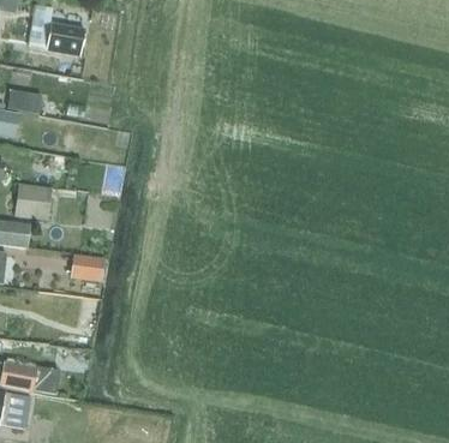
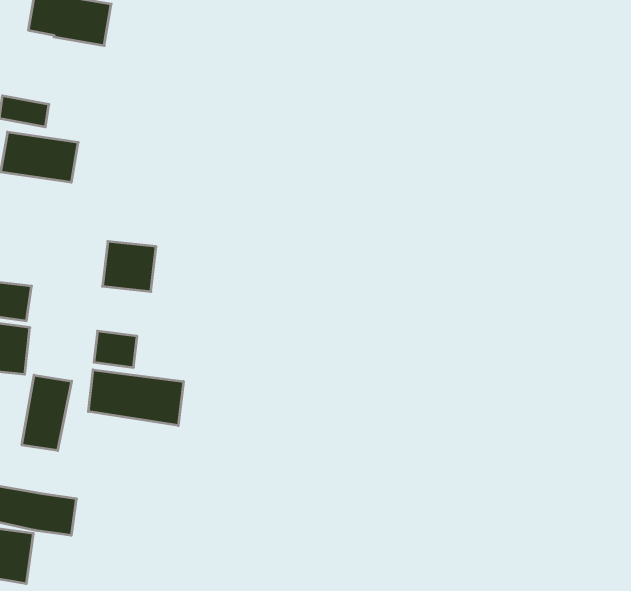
building: [14,184,52,218] -> [102,241,156,292]
building: none -> [88,370,183,426]
building: none -> [22,375,72,451]

